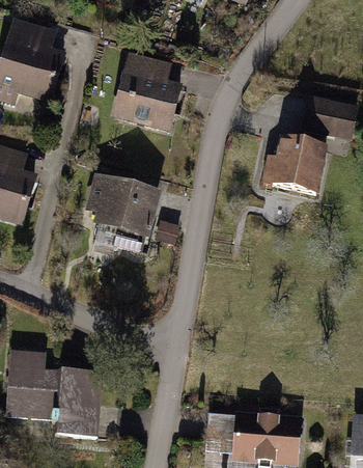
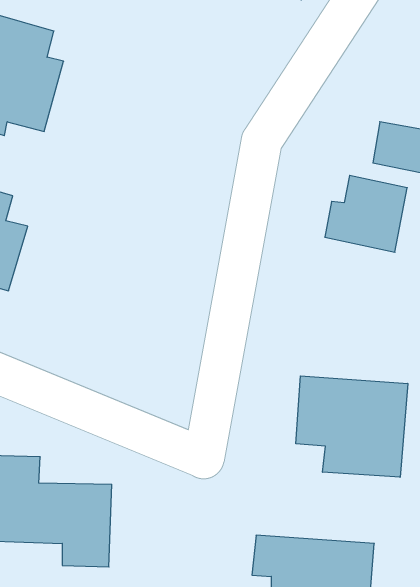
building: [112,50,186,132] -> none
building: [82,174,161,250] -> none
building: none -> [296,376,408,477]

